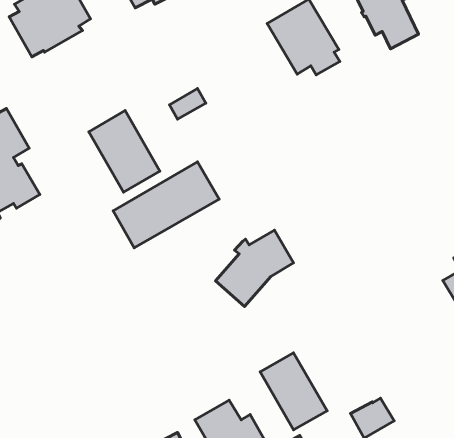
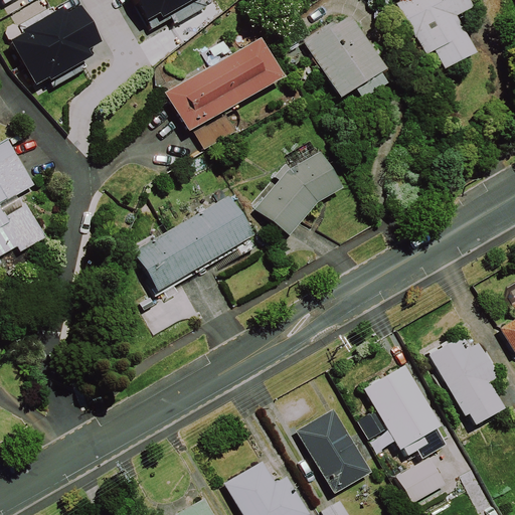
building: none -> [172,38,283,128]
building: [89,111,160,192] -> none
building: [216,230,293,306] -> [255,152,342,236]
building: none -> [430,336,504,426]
building: none -> [359,366,449,460]

